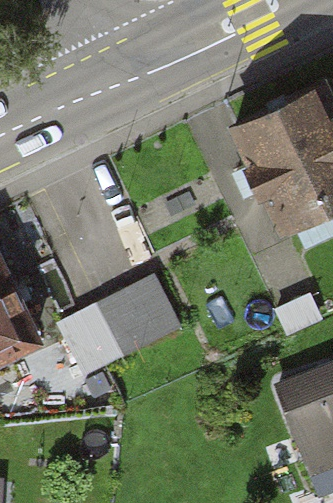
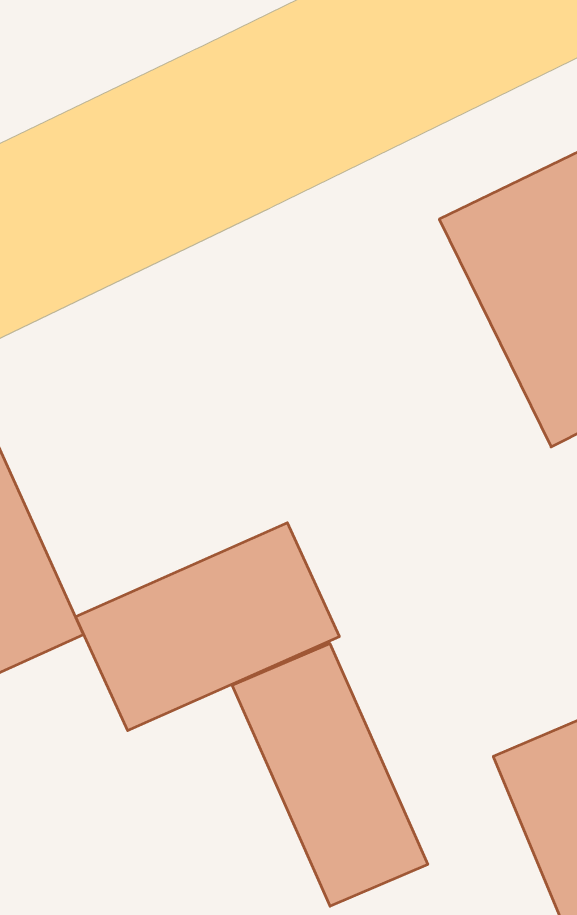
building: none -> [232,643,428,906]

